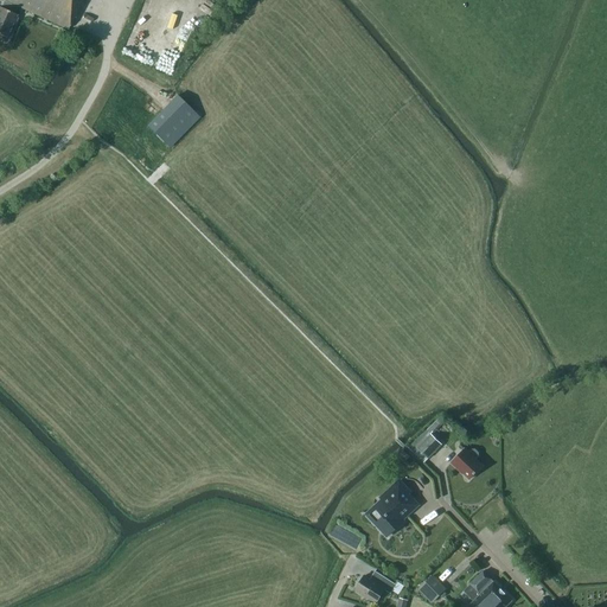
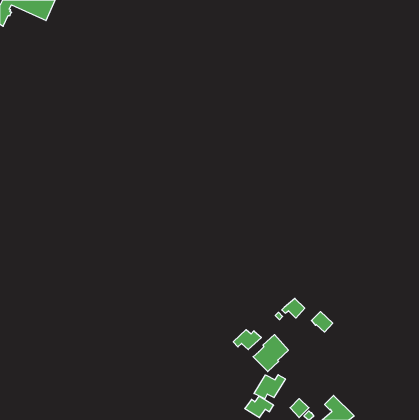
building: [147,95,198,146] -> none
building: none -> [233,330,261,350]
building: none -> [254,375,285,399]

